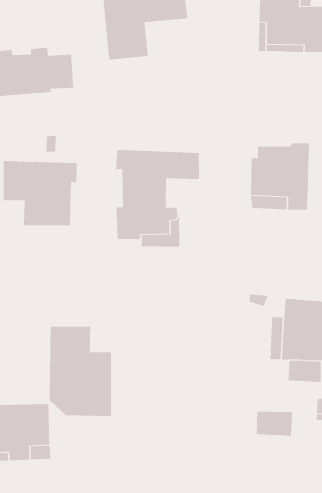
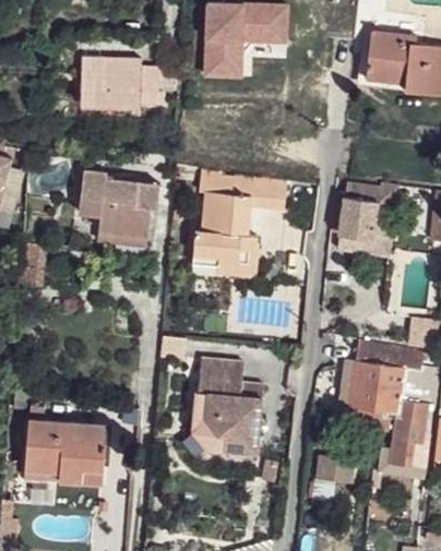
building: [49,326,112,416] -> [193,355,263,454]

